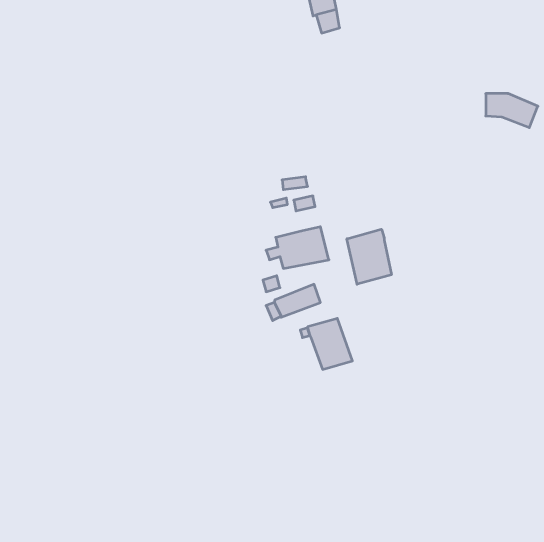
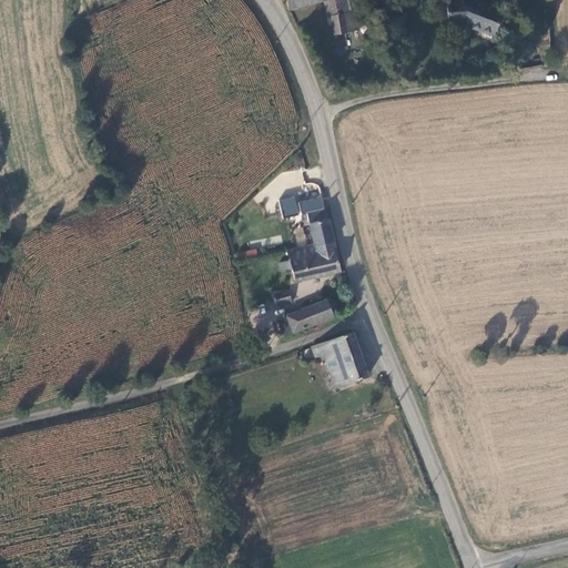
building: [486,94,538,128] -> [445,6,499,41]
building: none -> [308,215,334,241]
building: [347,229,391,284] -> none

